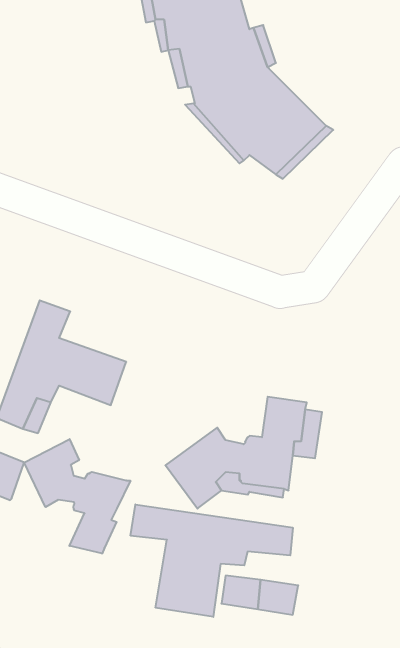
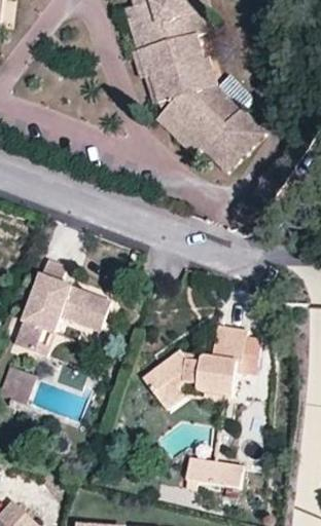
building: [24,439,130,554] -> none
building: [131,504,293,617] -> none

